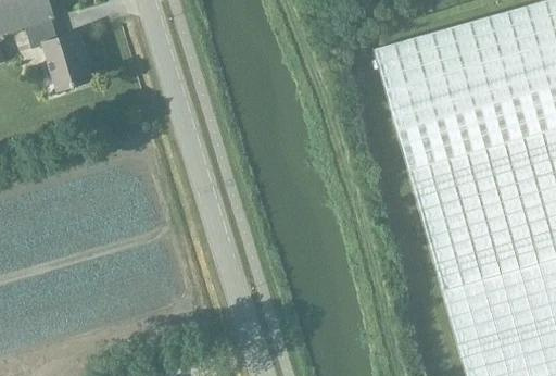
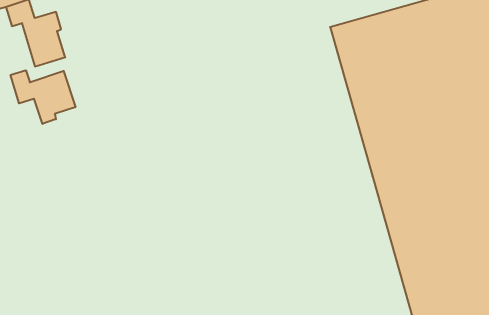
building: none -> [11,70,75,124]

